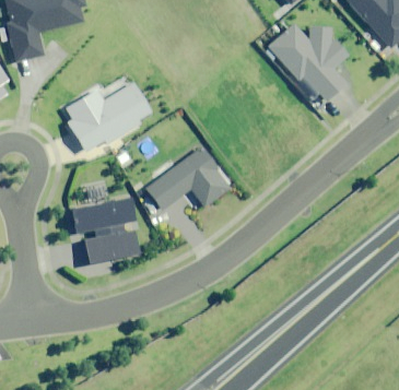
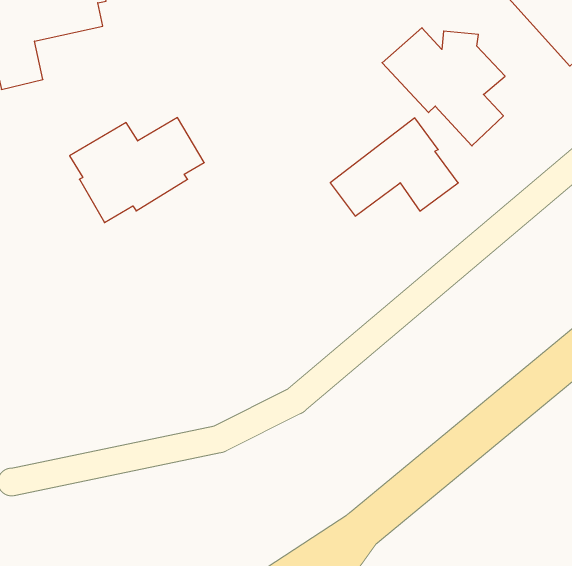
building: [145,145,230,210] -> [330,118,458,216]
building: [72,197,138,263] -> none

